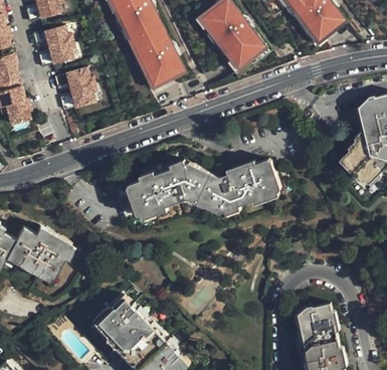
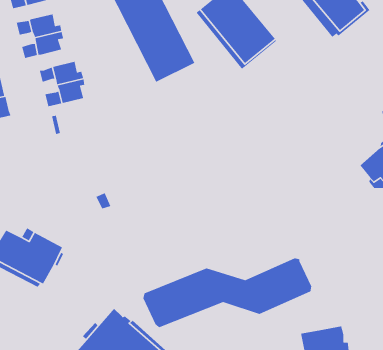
building: [130,157,284,221] -> [143,258,312,328]

